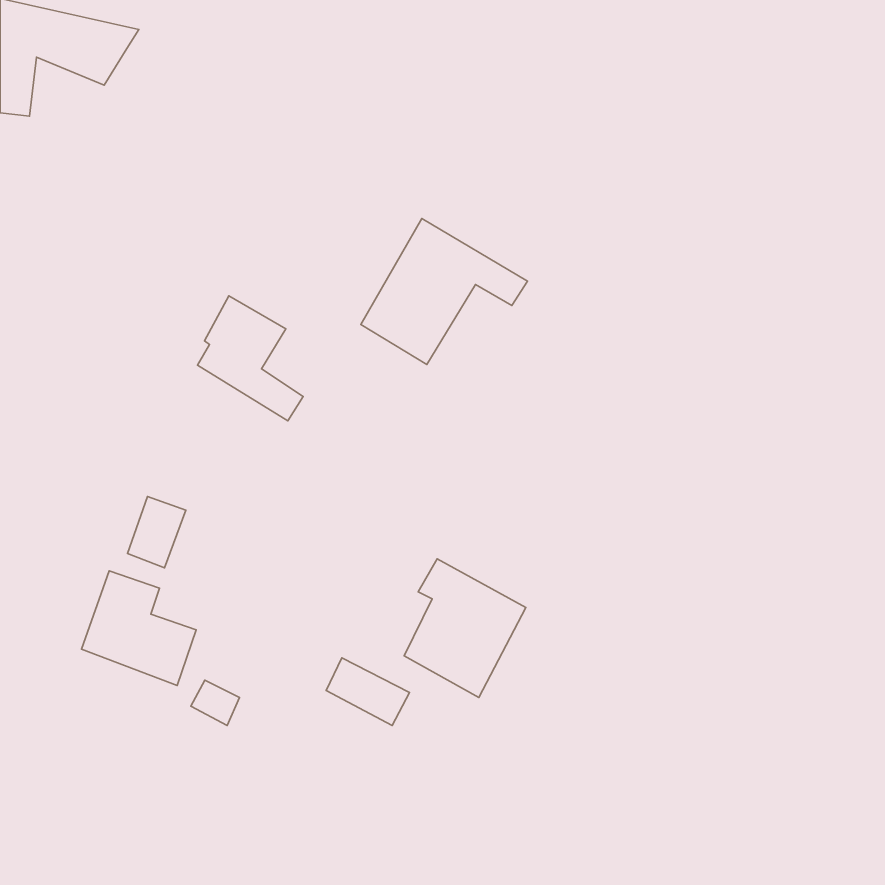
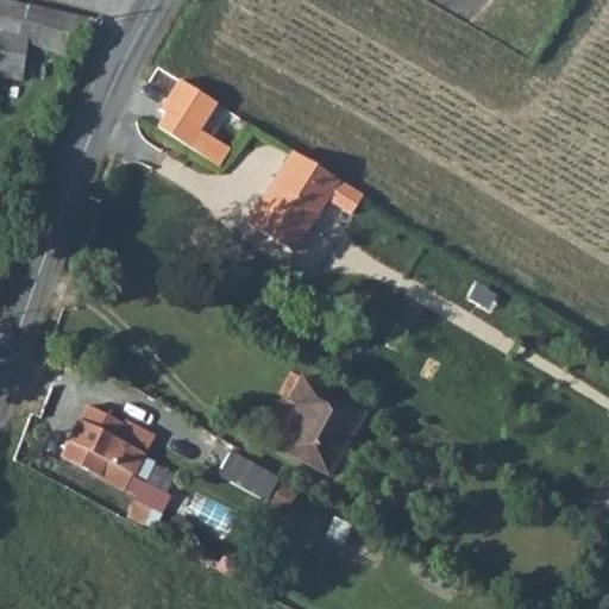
building: [197,296,303,421] -> [159,82,232,168]
building: [127,497,186,568] -> none

